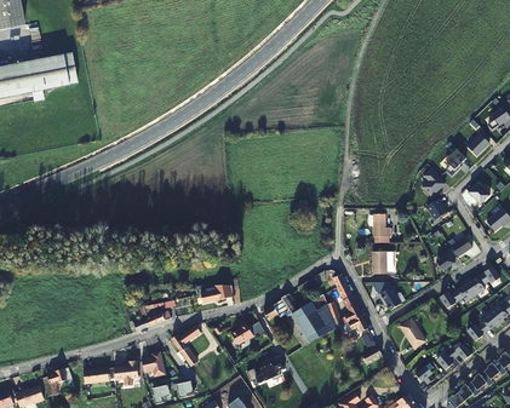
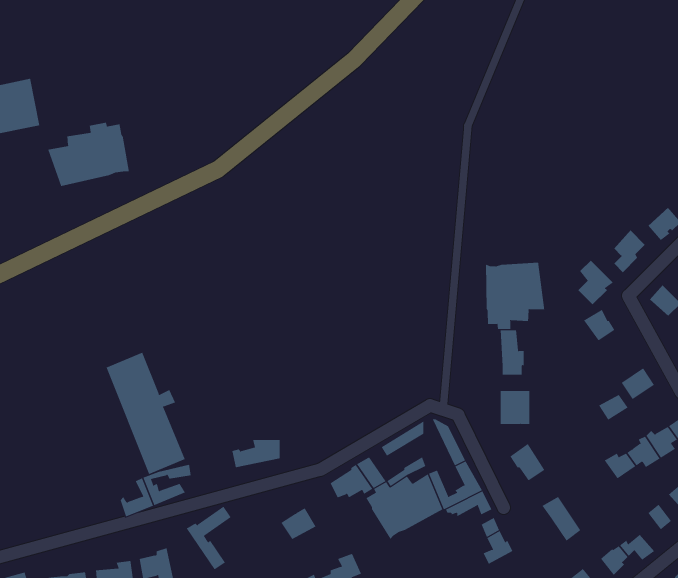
building: none -> [47,122,129,187]
building: none -> [485,262,545,330]
building: none -> [106,352,185,475]

